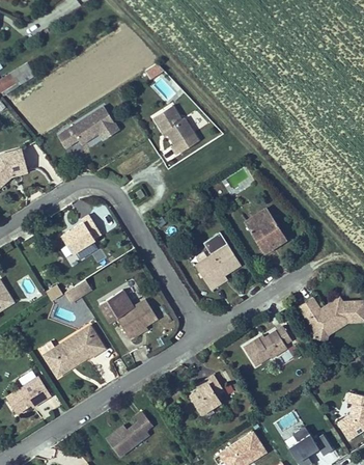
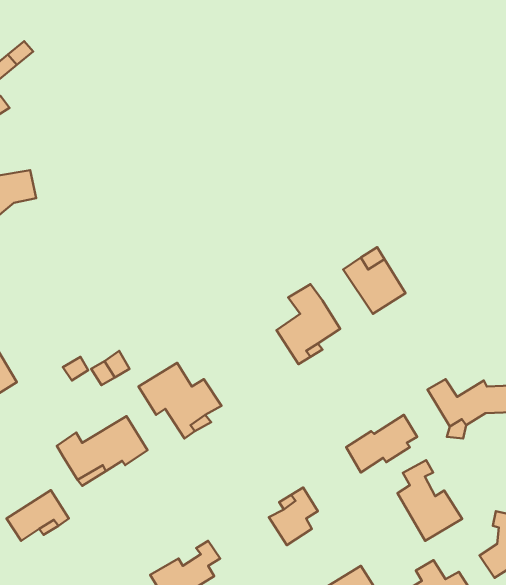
building: [58,106,119,149] -> none
building: [152,108,193,157] -> none
building: [58,214,101,254] -> none
building: none -> [397,460,462,541]

